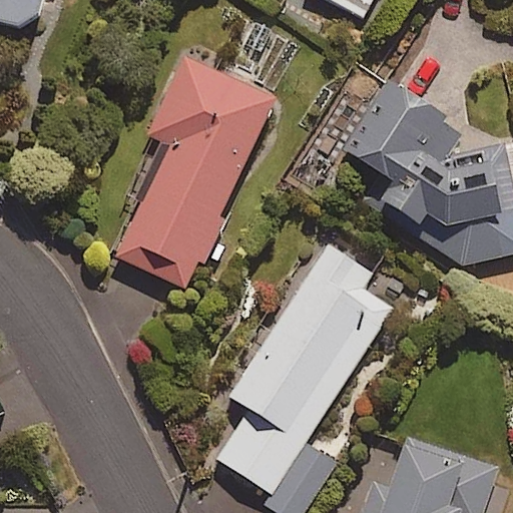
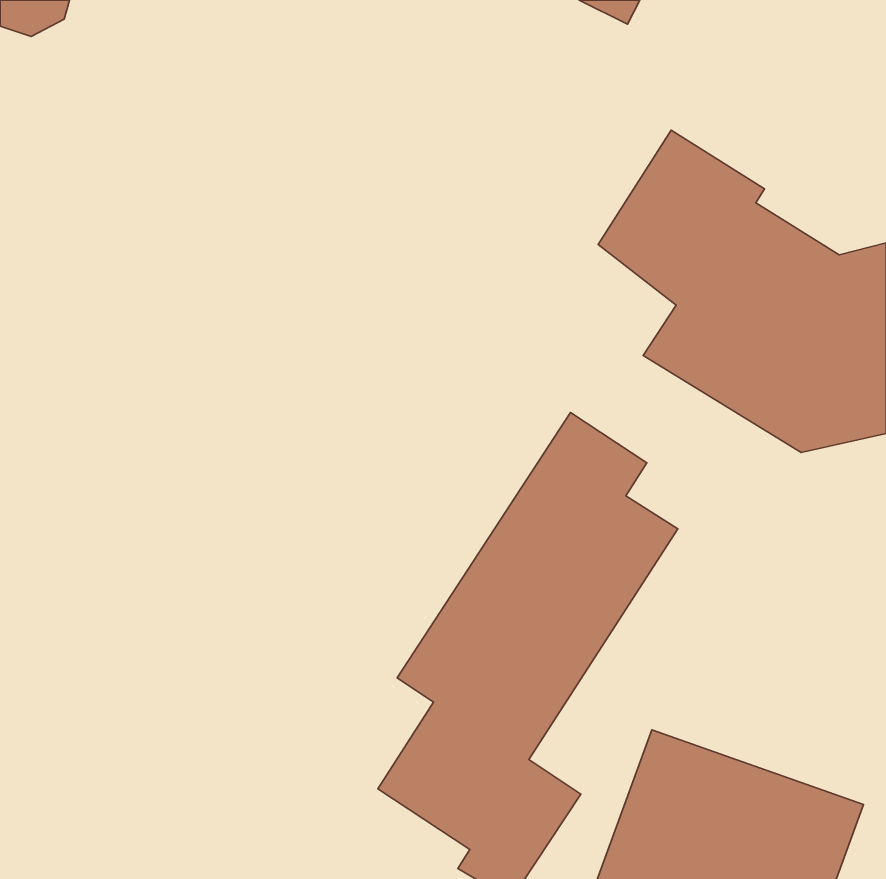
building: [117,57,275,288] -> none

